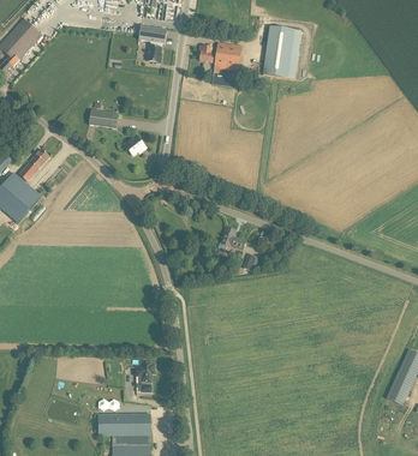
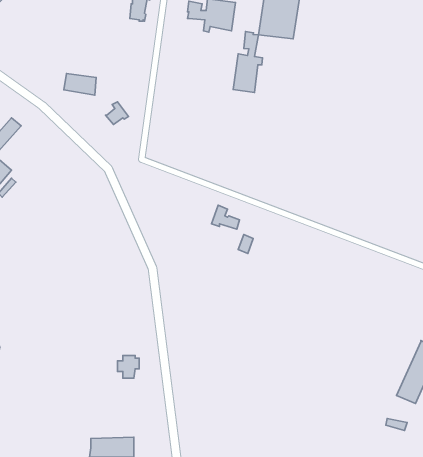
building: none -> [233,31,263,92]
building: [97,414,150,436] -> none

